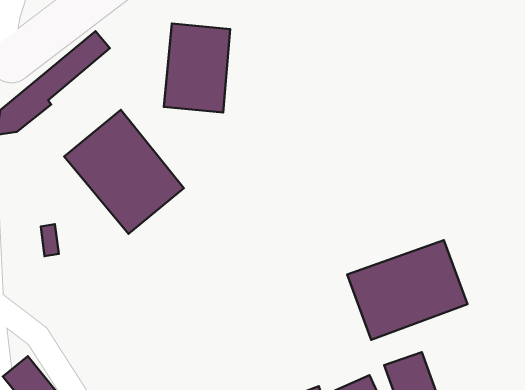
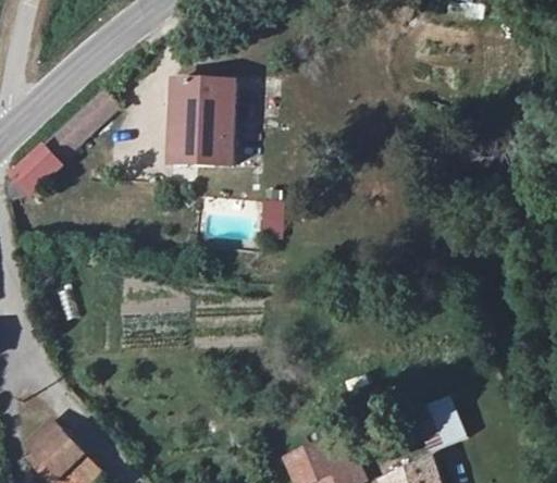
building: [64,110,184,234] -> none
building: [347,240,467,340] -> none

